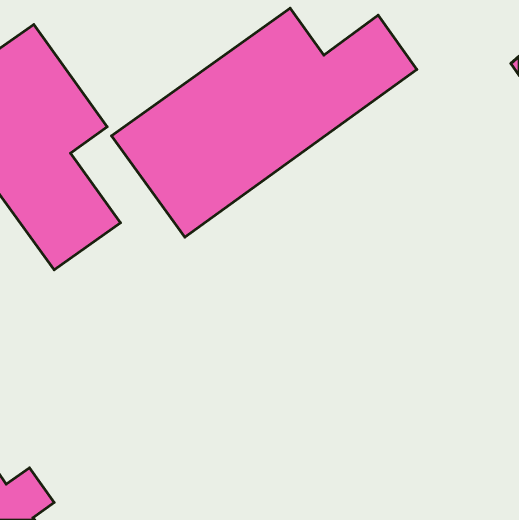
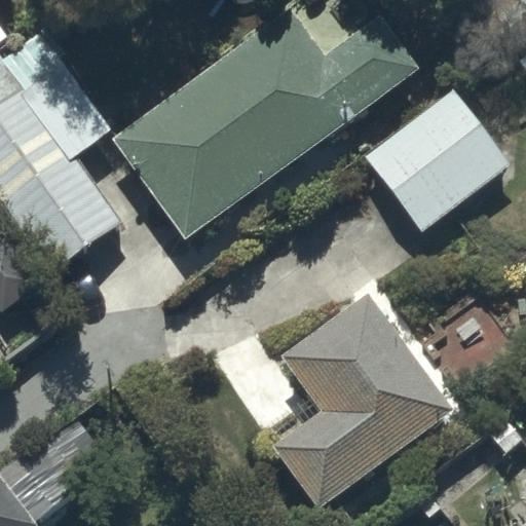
building: none -> [365,89,509,232]
building: none -> [272,290,453,505]

